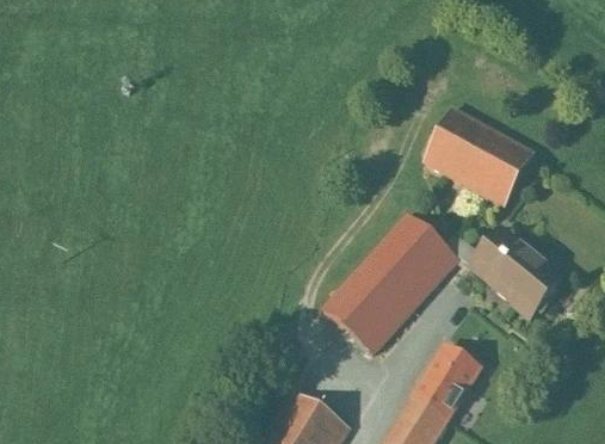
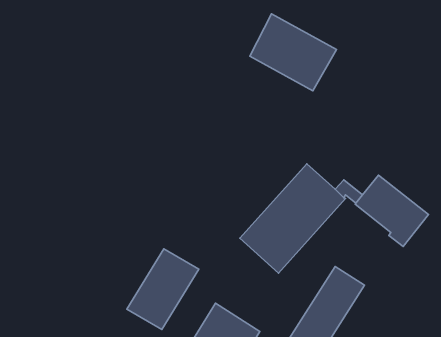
building: [424,106,533,204] -> [250,14,337,91]
building: none -> [127,249,199,330]

